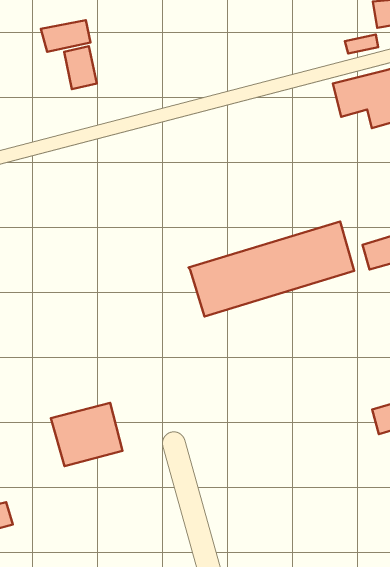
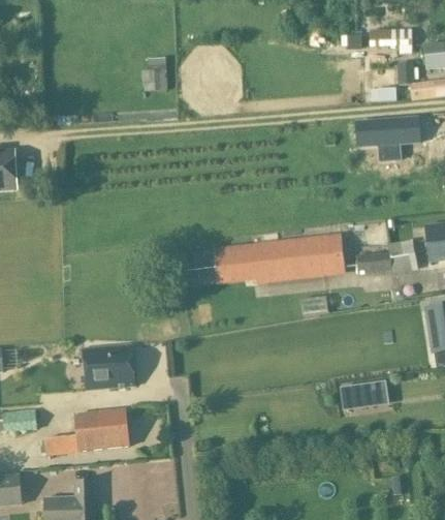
building: [41,20,91,52] -> none
building: none -> [43,409,127,453]

